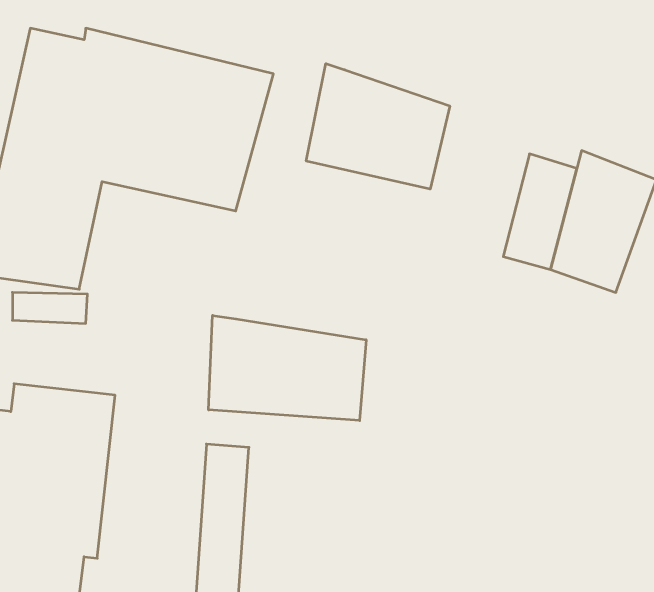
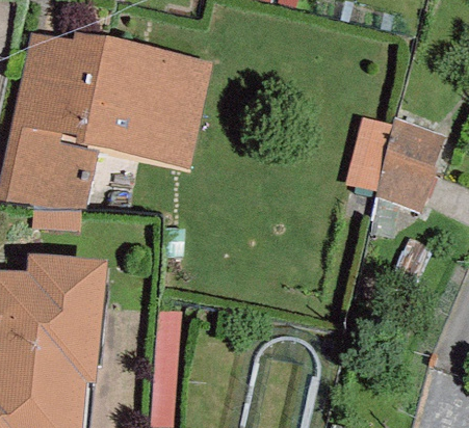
building: [306,64,450,189] -> none
building: [209,315,366,421] -> none

